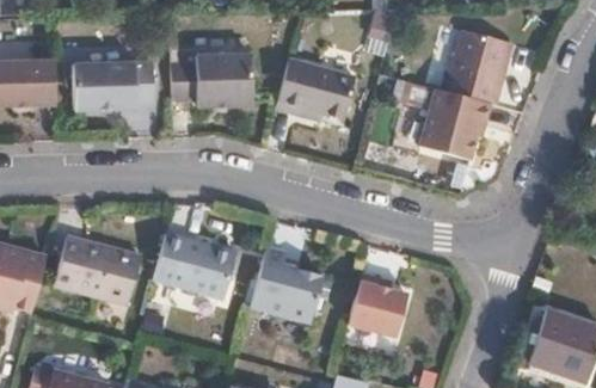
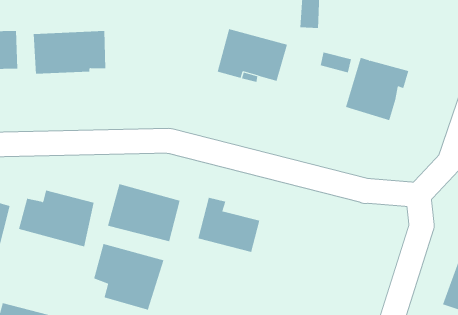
building: [448,31,511,107] -> none
building: [168,53,251,104] -> none
building: [349,272,410,338] -> none
building: none -> [94,243,164,310]

